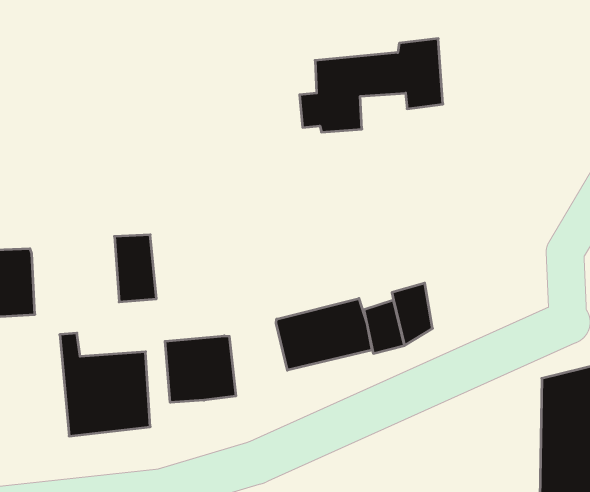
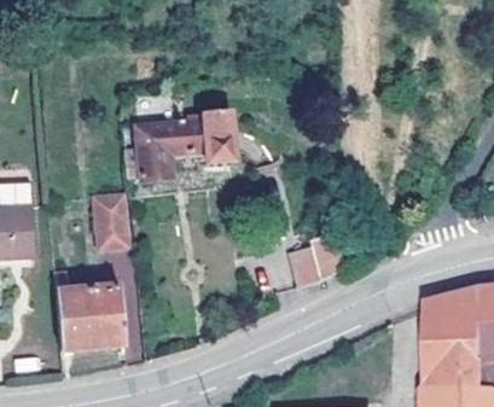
building: [300,39,443,132] -> [123,109,234,181]
building: [276,298,372,370] -> none
building: [165,336,236,402] -> none

